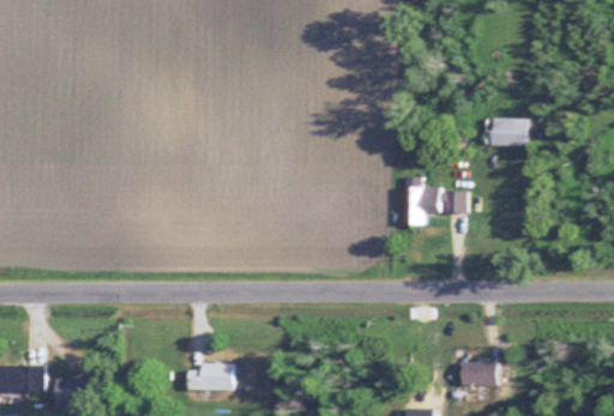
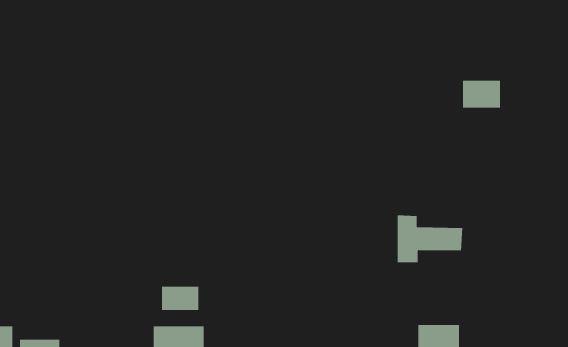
building: [404,176,470,224] -> [397,215,463,263]
building: none -> [161,286,199,311]

